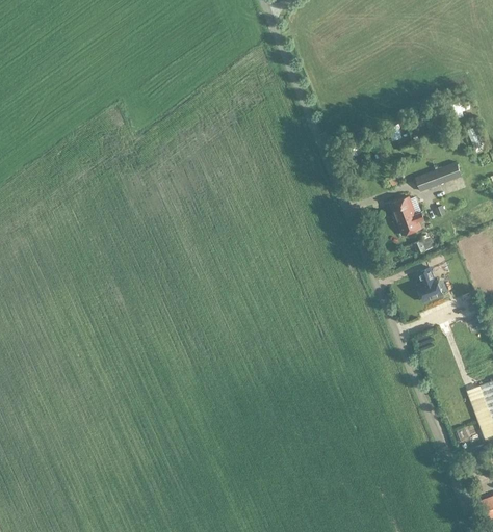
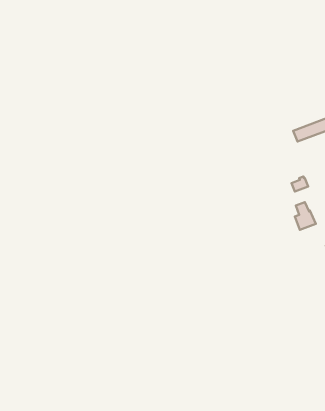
building: [391,197,423,236] -> none

